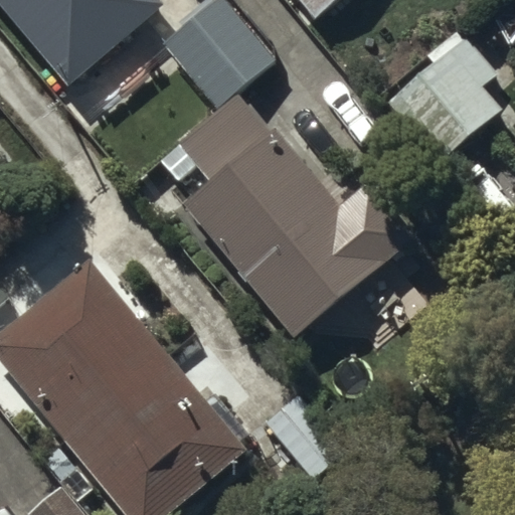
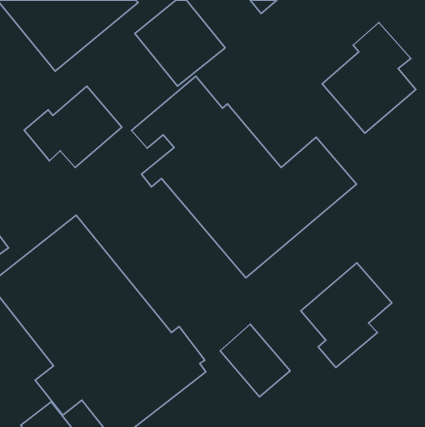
building: none -> [24,86,122,168]
building: none -> [301,263,392,368]

